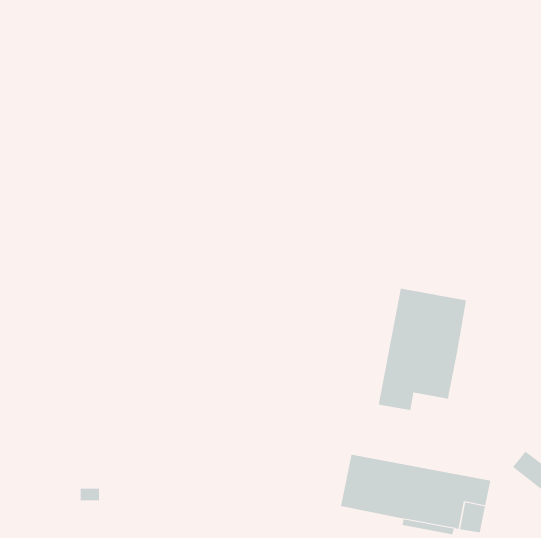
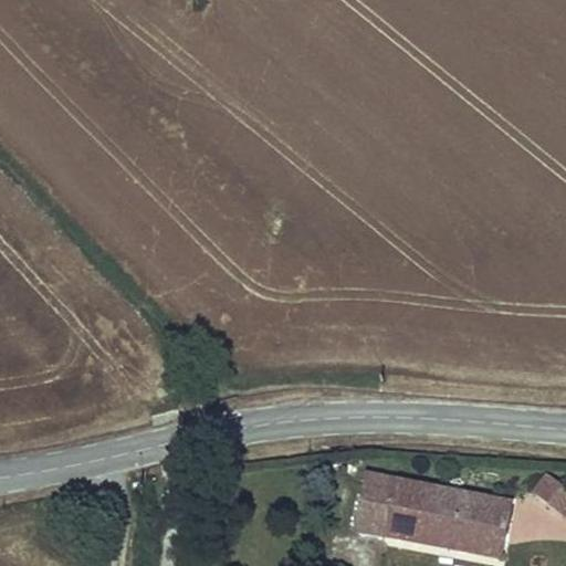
building: [378,288,466,411] -> none

